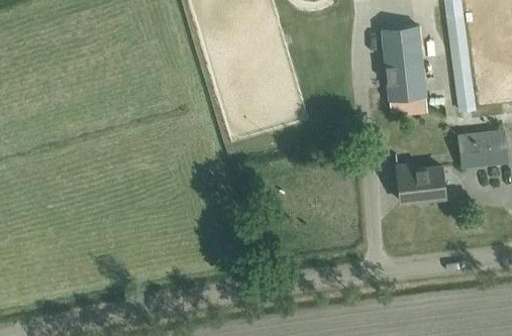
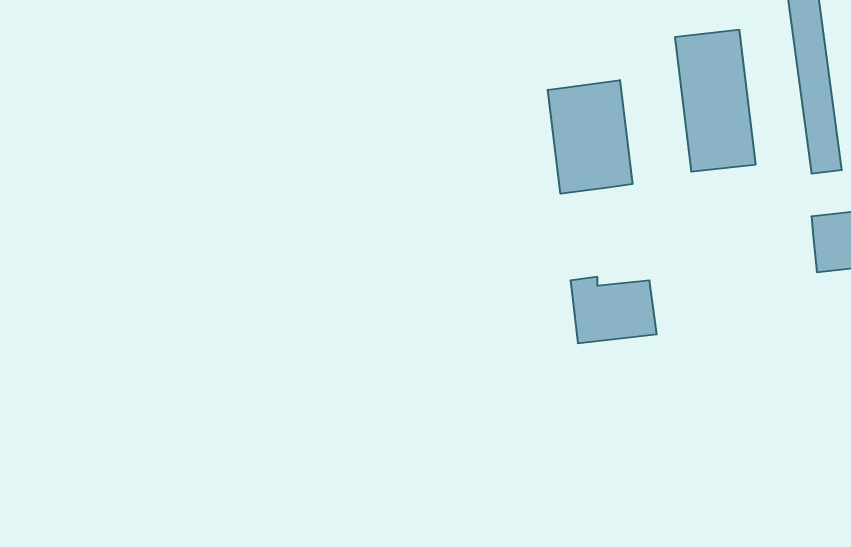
building: none -> [548,80,632,194]
building: [397,165,445,203] -> [571,277,657,343]

